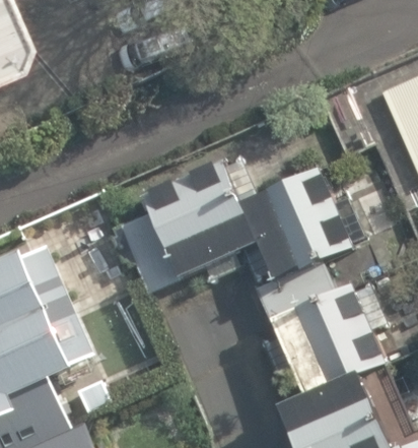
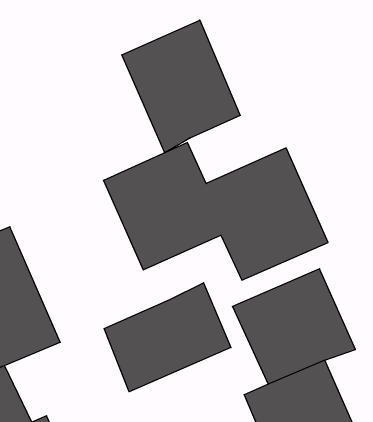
building: none -> [122,20,240,153]
building: none -> [104,283,231,392]

